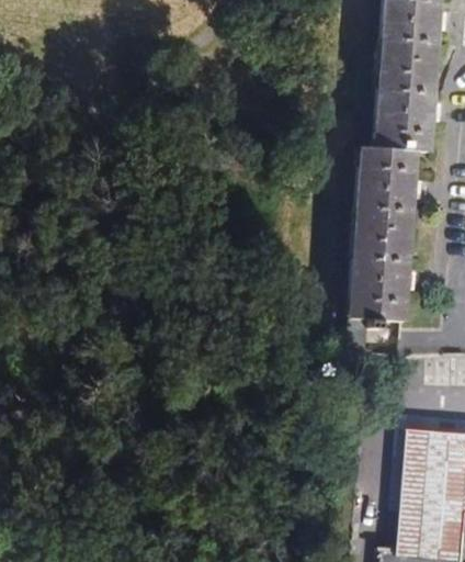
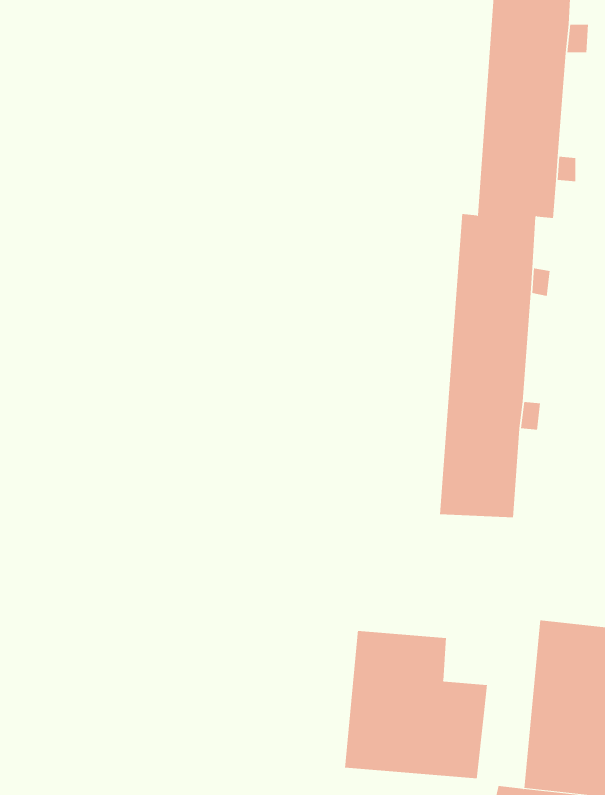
building: none -> [345,630,487,779]

